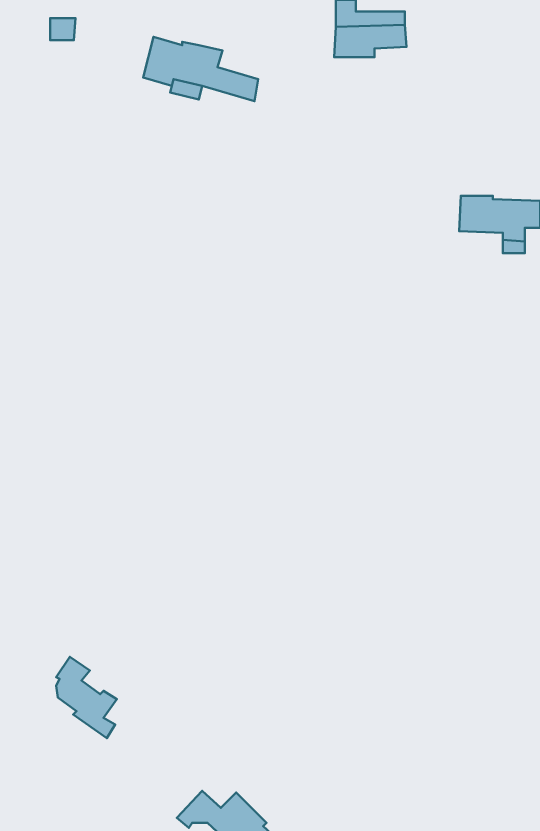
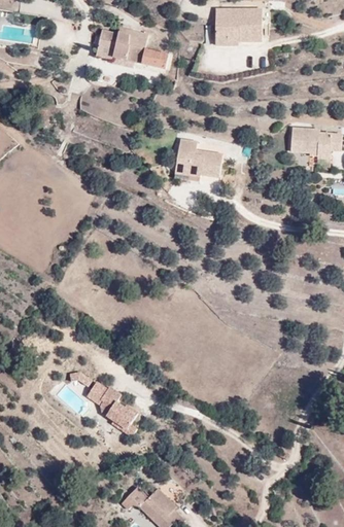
building: none -> [174,138,222,180]
building: [56,657,117,738] -> [100,384,137,433]

